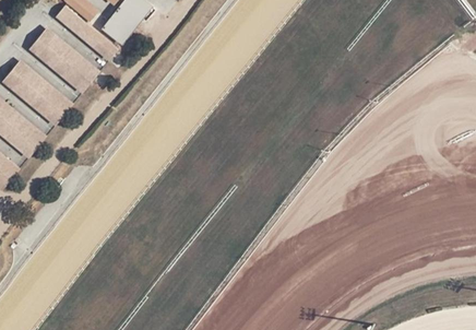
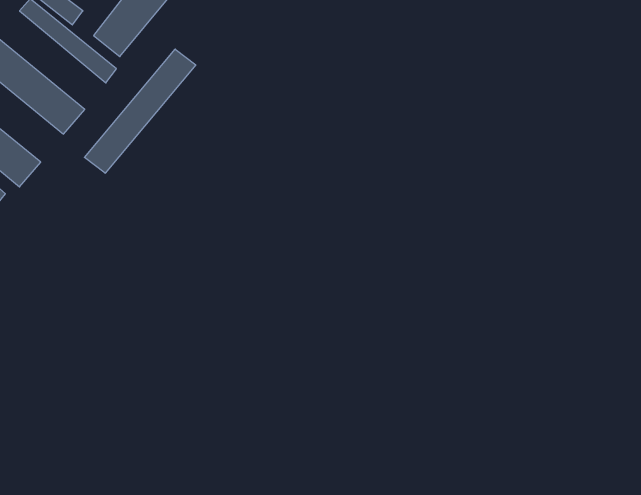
building: none -> [84,49,196,173]

